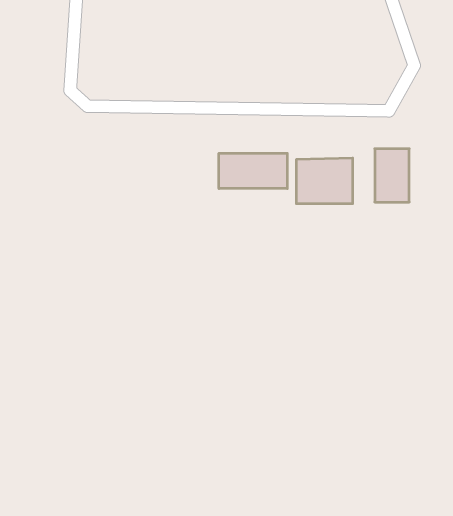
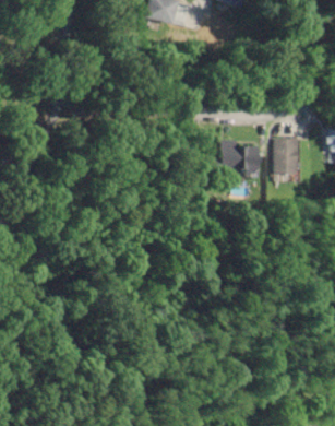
building: [219,153,287,189] -> none

